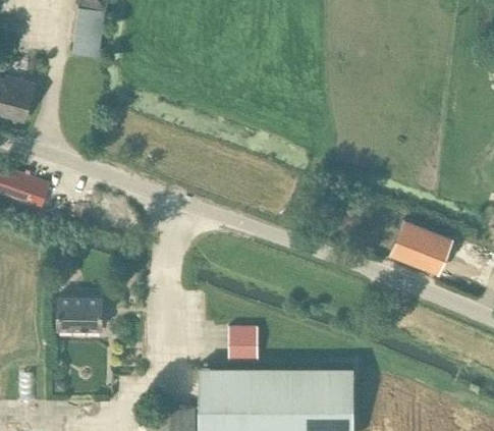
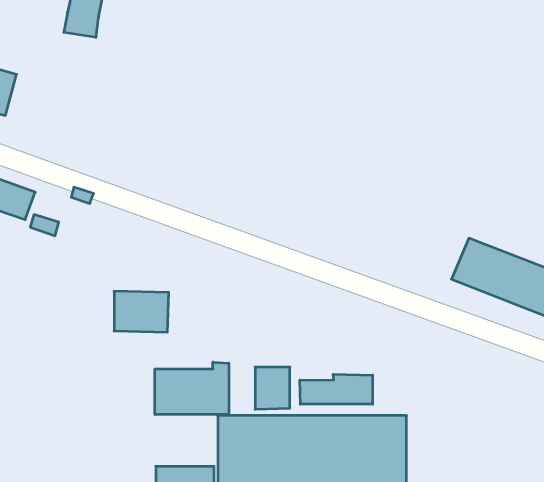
building: [58,298,103,331] -> [114,291,169,332]
building: none -> [155,362,229,415]
building: none -> [300,374,373,404]

